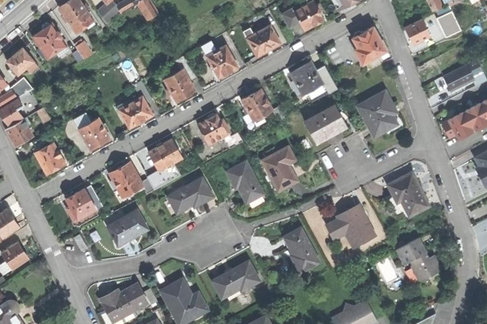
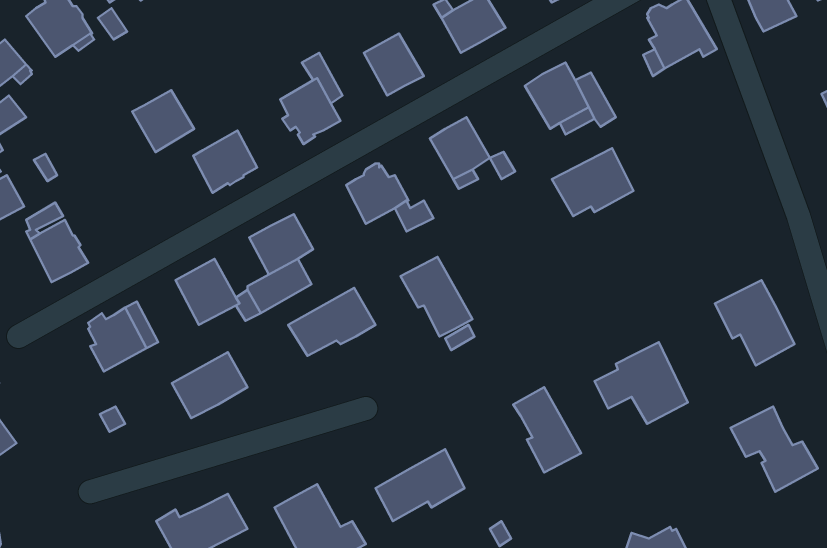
building: [357,92,397,137] -> none
building: [78,118,110,150] -> [132,90,194,152]
building: [262,146,297,191] -> none

